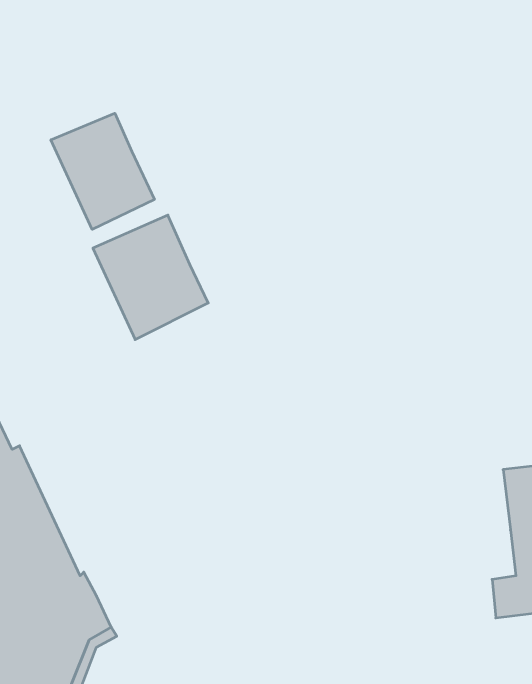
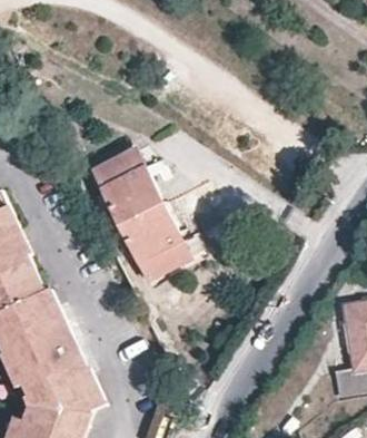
building: [51,113,154,229] -> none
building: none -> [118,204,189,281]

